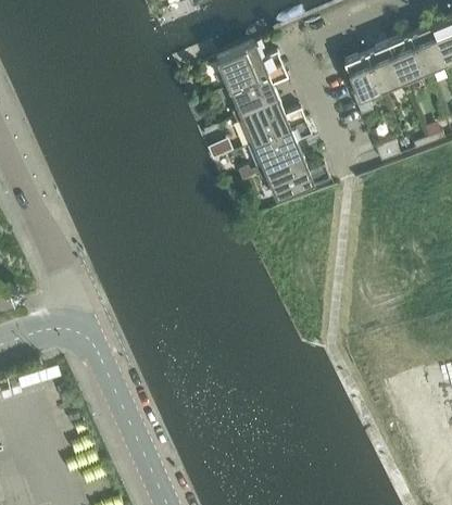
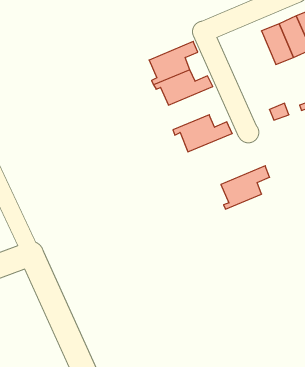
building: [214,42,280,88] -> none
building: [341,52,381,115] -> none
building: [250,121,310,174] -> [221,166,270,209]

